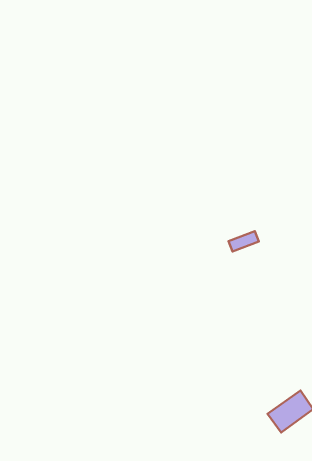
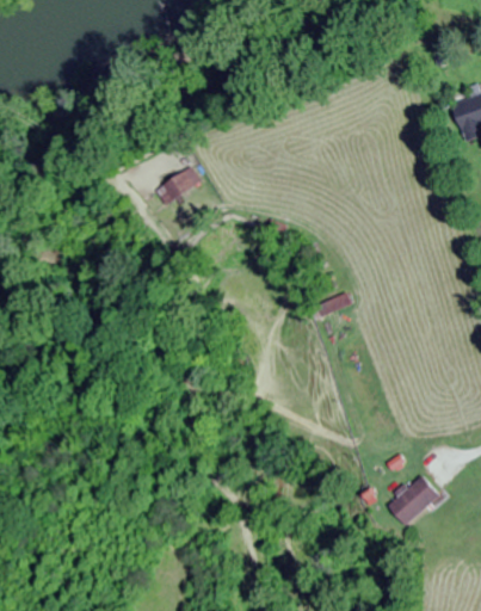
building: none -> [155,165,201,205]

